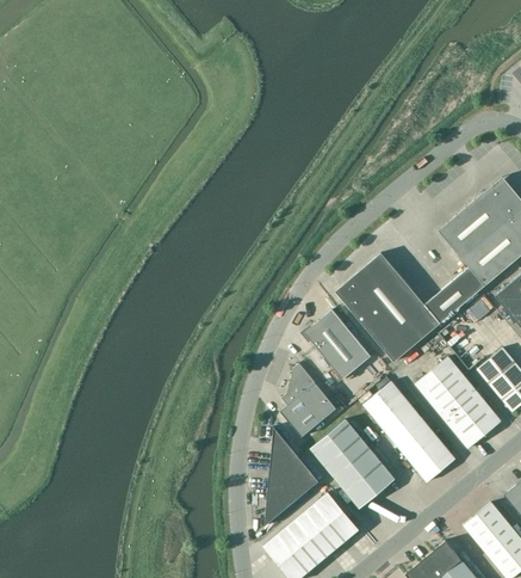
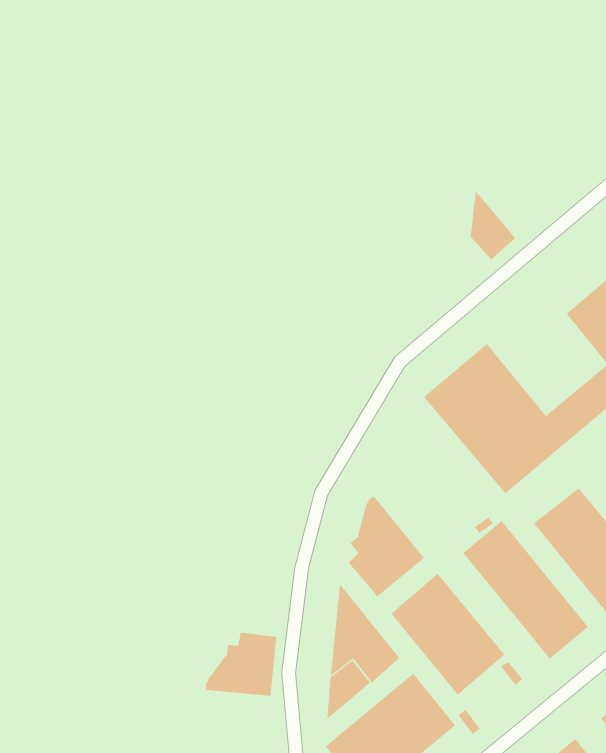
building: none -> [470,190,516,260]
building: [304,309,371,380] -> none
building: none -> [206,632,277,697]

